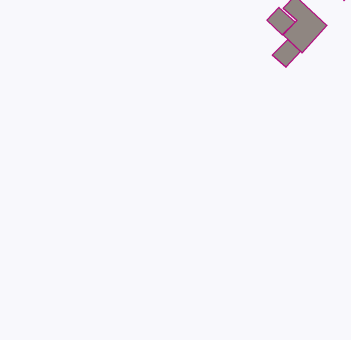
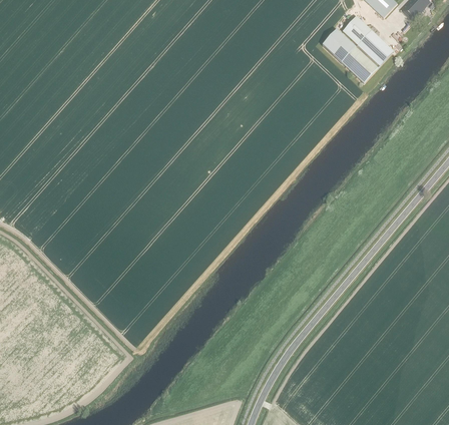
building: [272,39,301,67] -> none

